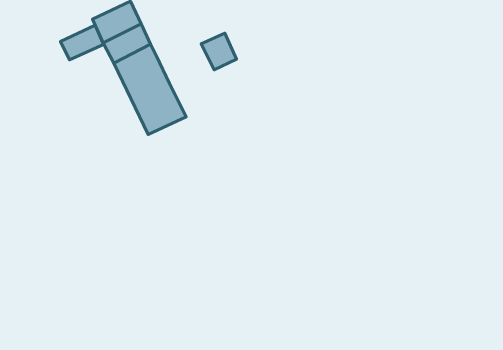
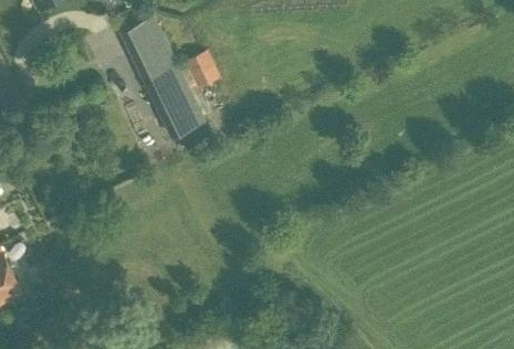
building: [60,25,104,60] -> none
building: [201,33,237,70] -> [186,53,219,87]

